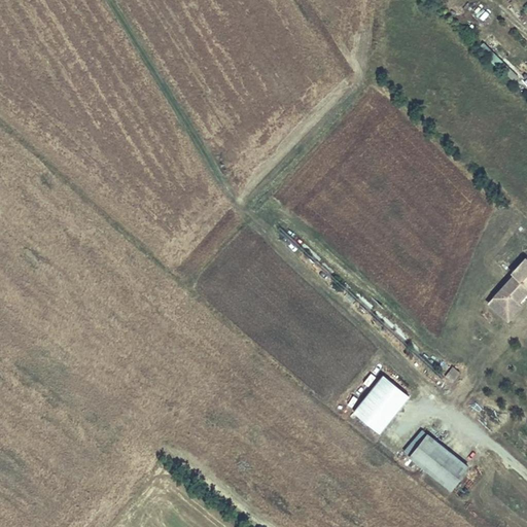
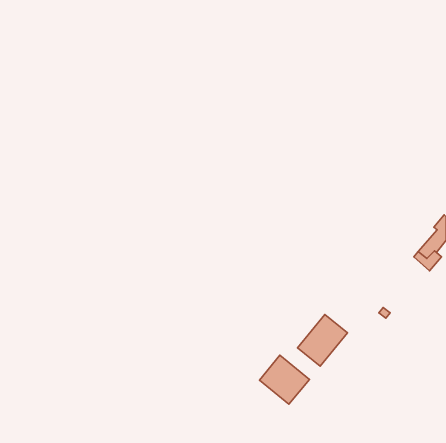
building: none -> [259,355,309,404]
building: [410,434,467,489] -> none

